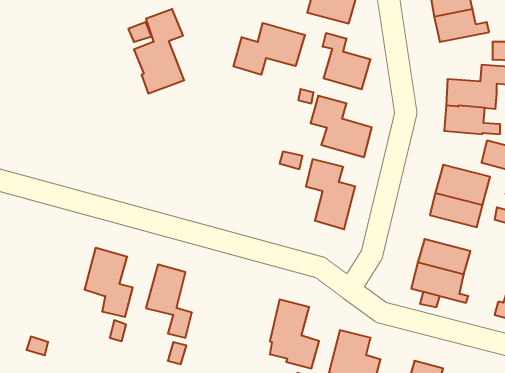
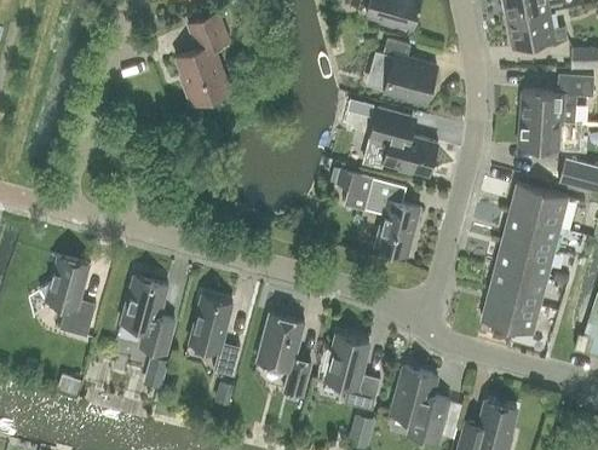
building: [233,23,305,75] -> none
building: none -> [496,241,560,283]
building: none -> [41,256,96,336]
building: none -> [257,315,311,397]

